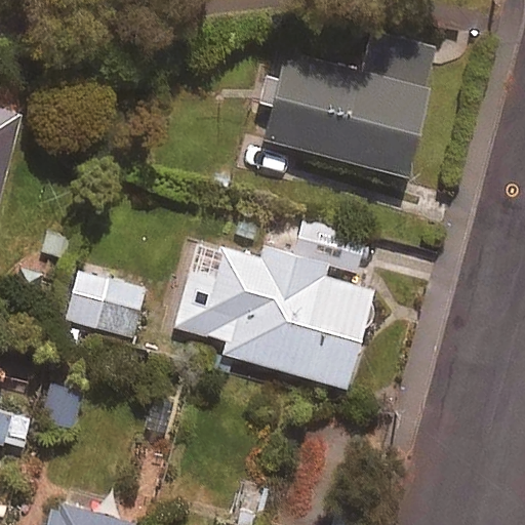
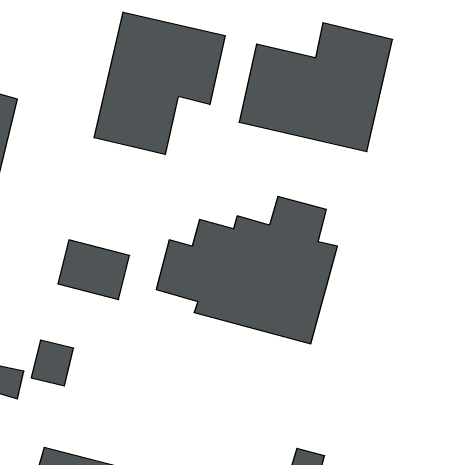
building: none -> [94,12,225,155]

